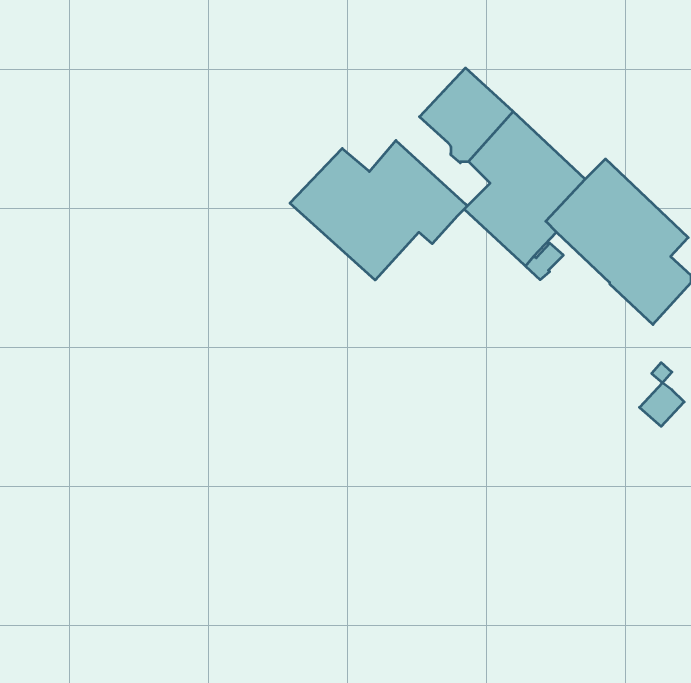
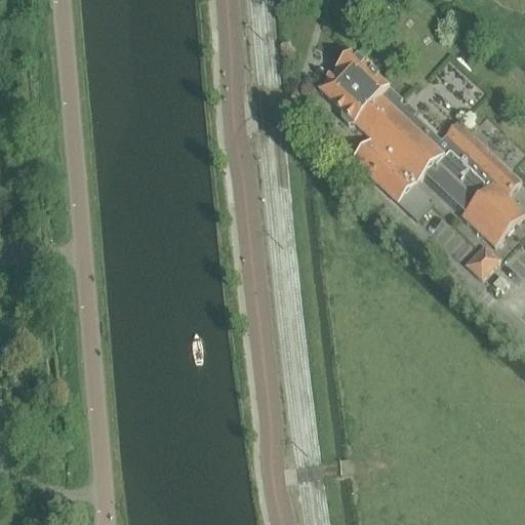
building: [290,140,468,280] -> none
building: [639,383,684,426] -> [465,244,498,277]

